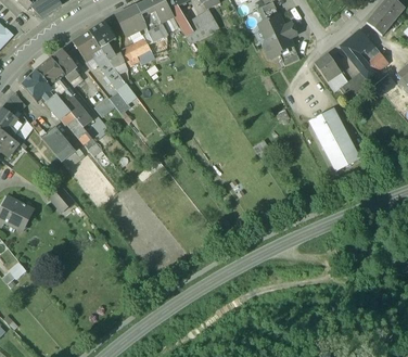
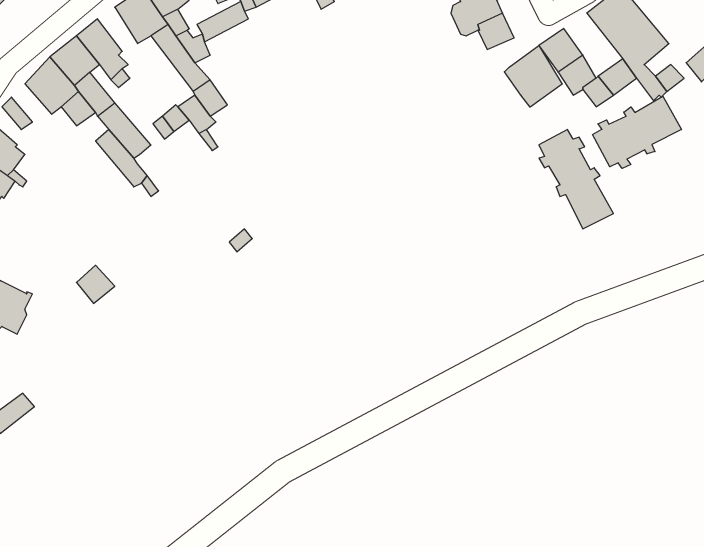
building: none -> [504,46,562,107]
building: none -> [593,96,681,168]
building: [40,126,73,162] -> none

